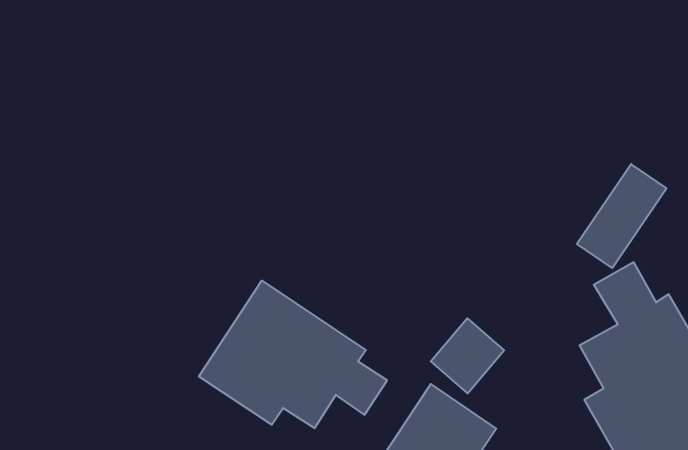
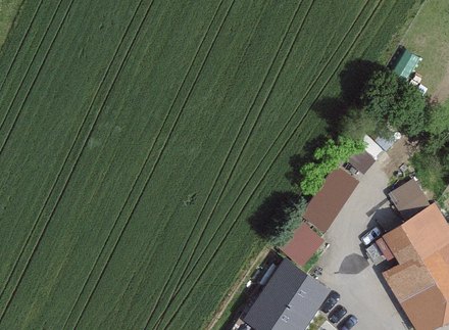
building: [577,164,666,268] -> [305,164,362,231]
building: [199,281,387,428] -> none

